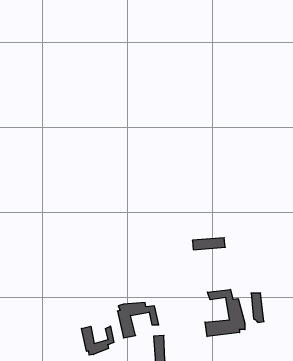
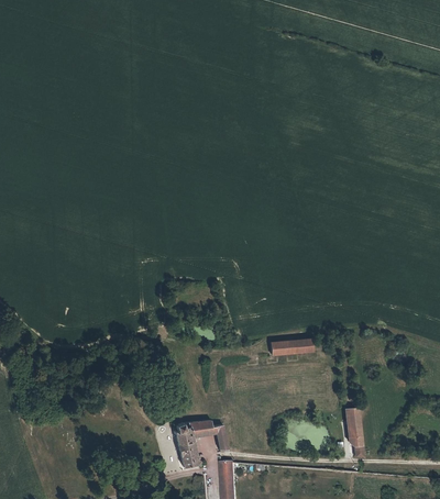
building: [205,289,245,337] -> none
building: [81,326,114,355] -> none

